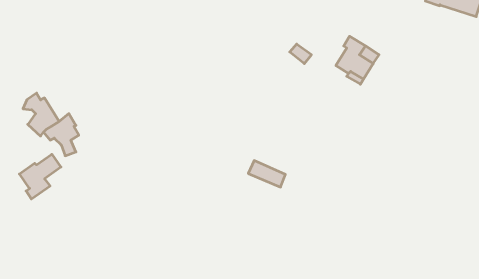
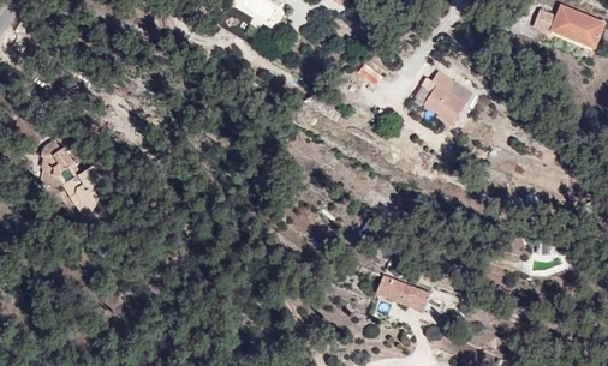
building: [19,154,61,199] -> none
building: [248,161,285,187] -> [369,270,415,302]

